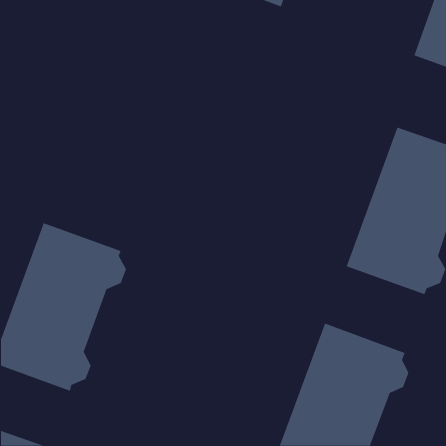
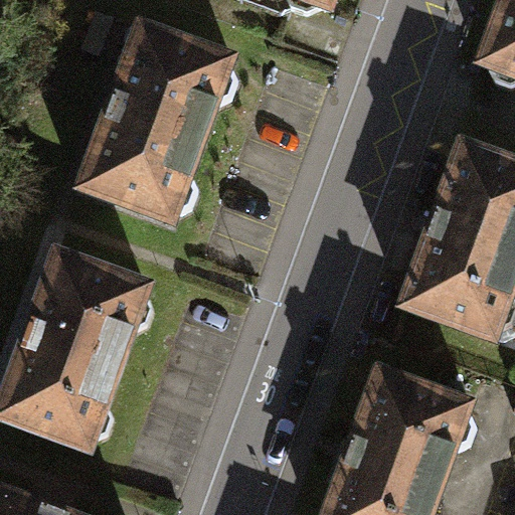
building: none -> [74,24,233,222]

